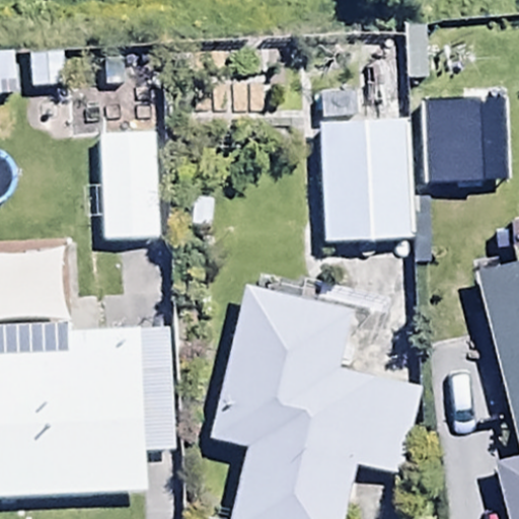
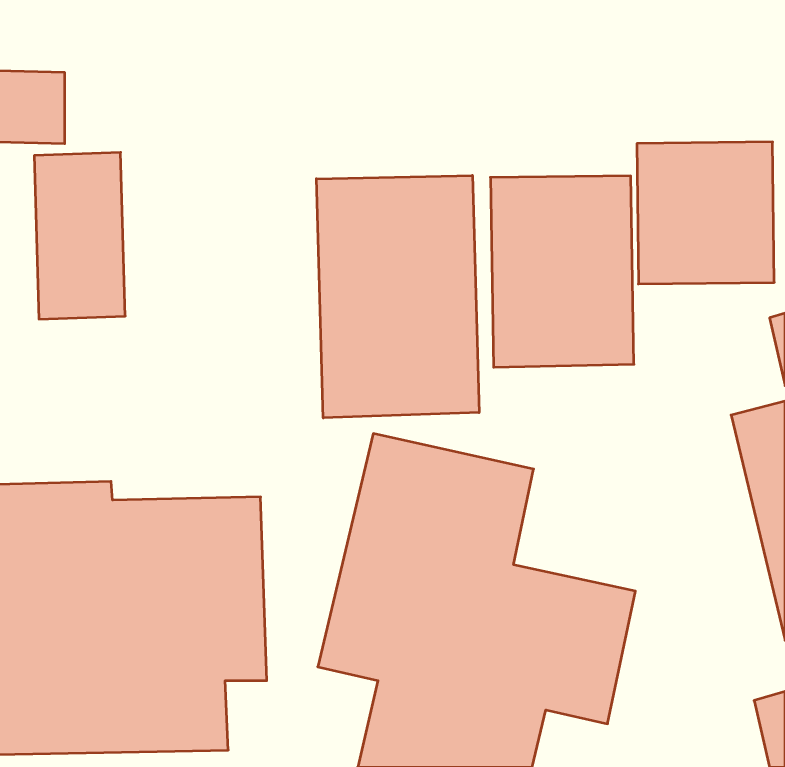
building: none -> [316,175,479,418]
building: [100,129,160,238] -> [34,152,125,319]

